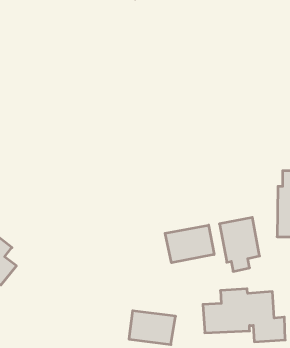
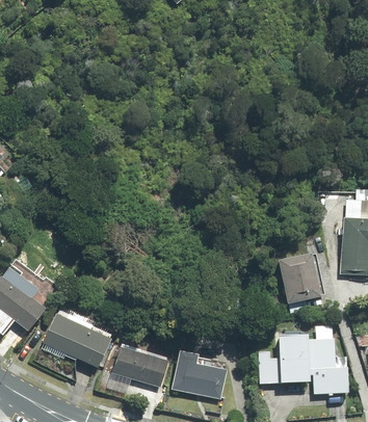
building: [165,225,214,263] -> none
building: none -> [41,301,113,368]
building: none -> [110,345,169,388]

